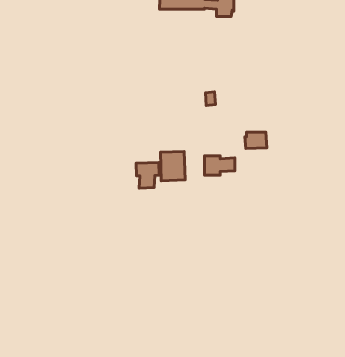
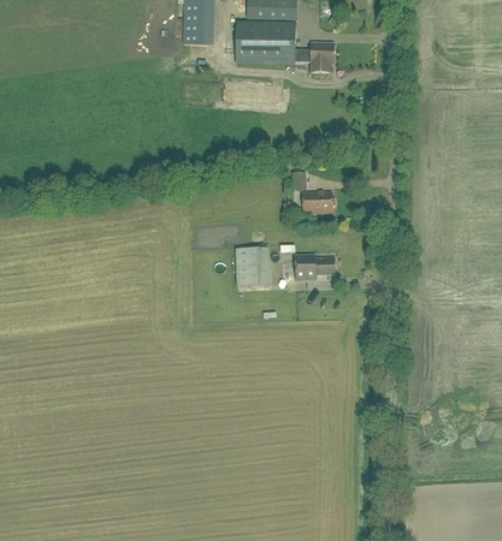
building: [245,132,267,149] -> [303,192,332,214]
building: [136,162,159,188] -> none

